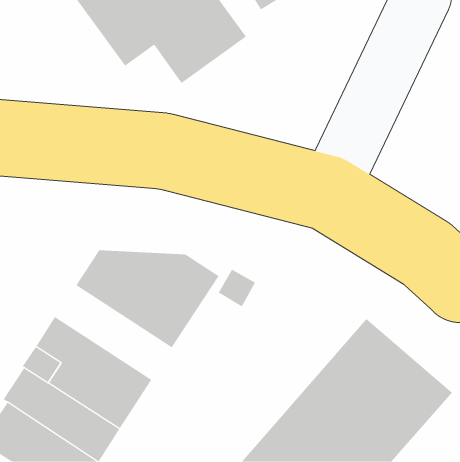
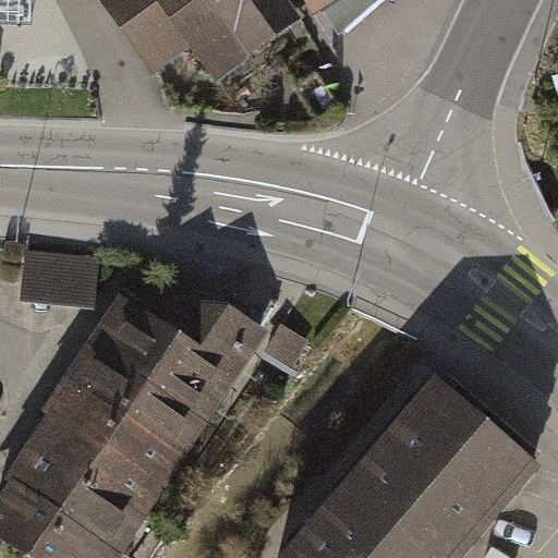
building: none -> [17,247,95,304]
building: none -> [65,341,206,454]

